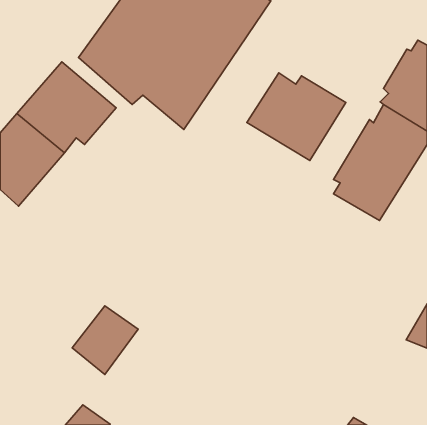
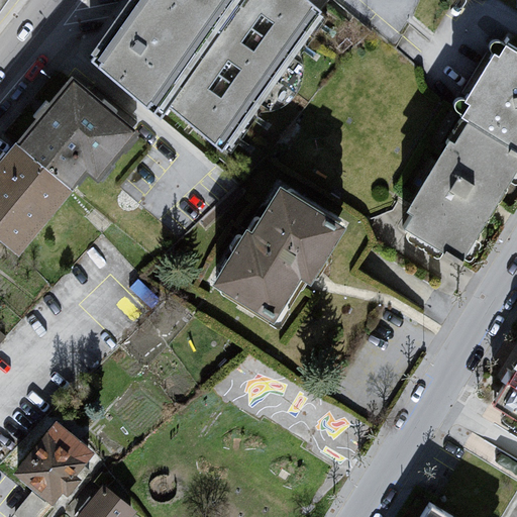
building: [247,73,346,161] -> none
building: none -> [211,175,346,314]
building: [72,306,138,374] -> [11,426,91,509]

